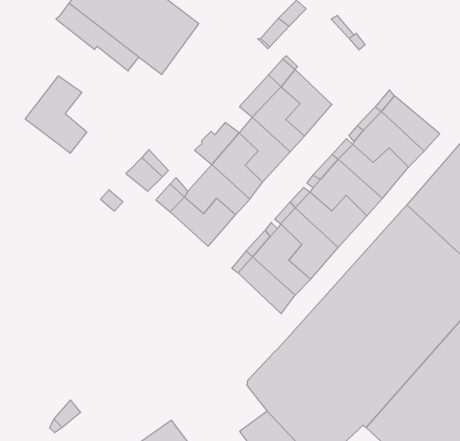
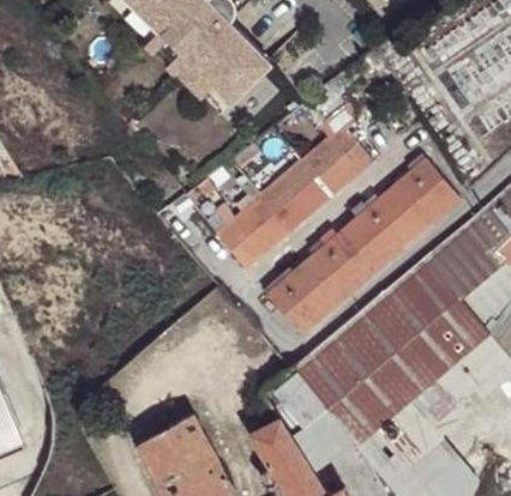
building: [25,76,87,153] -> none

